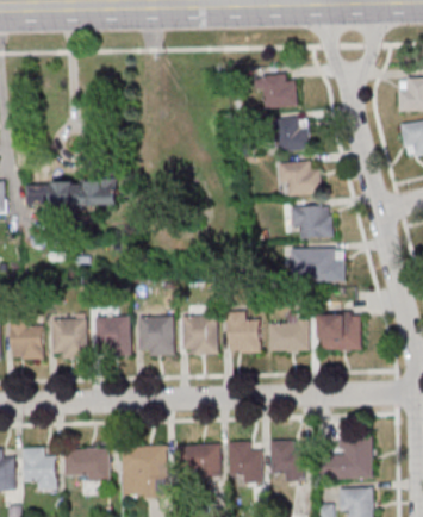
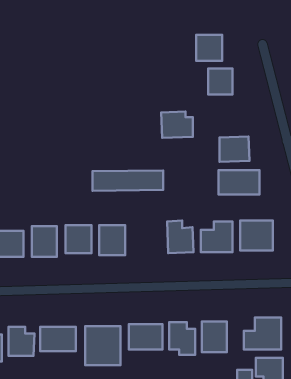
building: [281,162,322,195] -> [161,112,193,138]
building: [27,181,118,207] -> [92,170,163,191]
building: [185,317,217,355] -> none

